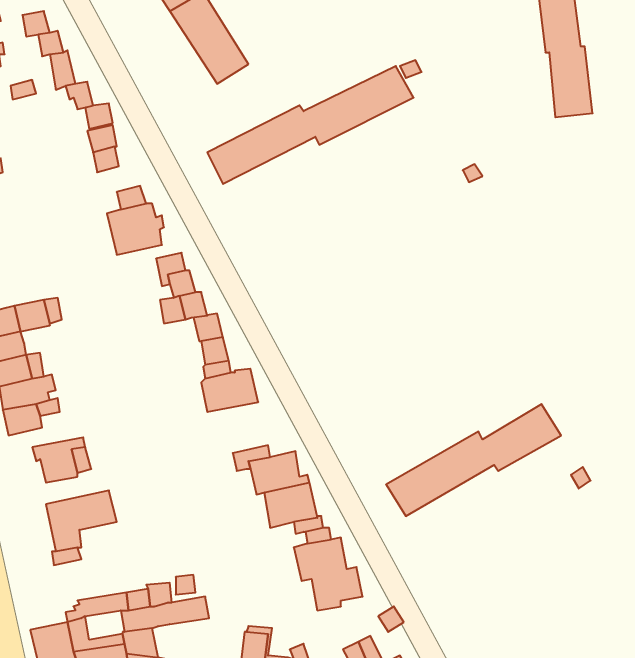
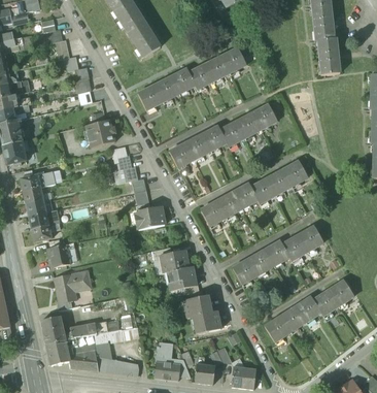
building: none -> [169,104,277,167]
building: none -> [201,160,307,226]
building: none -> [265,280,353,341]
building: none -> [41,317,65,343]

